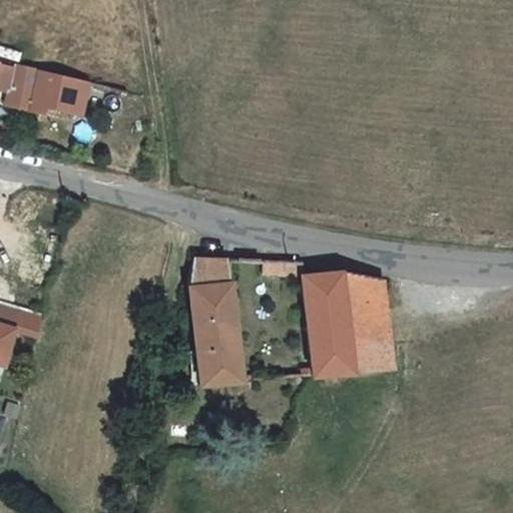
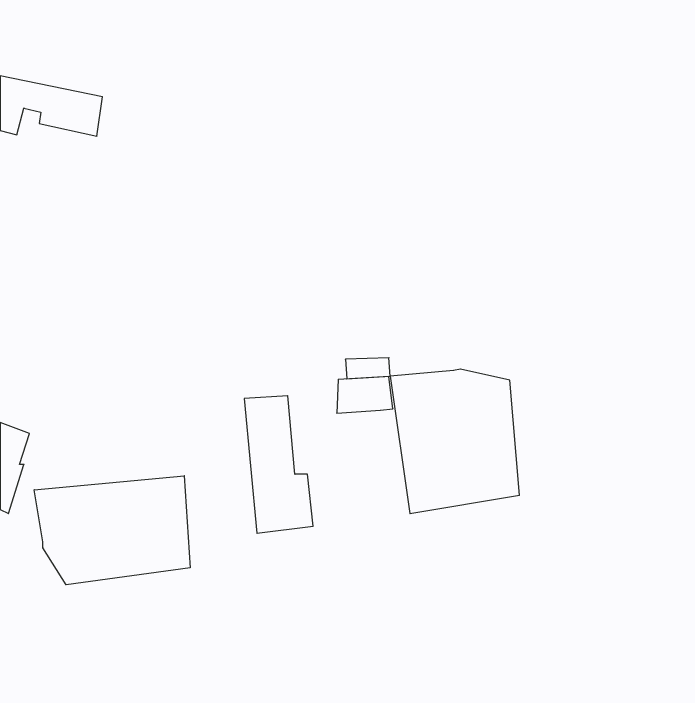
building: [190,269,230,295] -> [337,377,393,413]
building: none -> [34,476,190,585]

